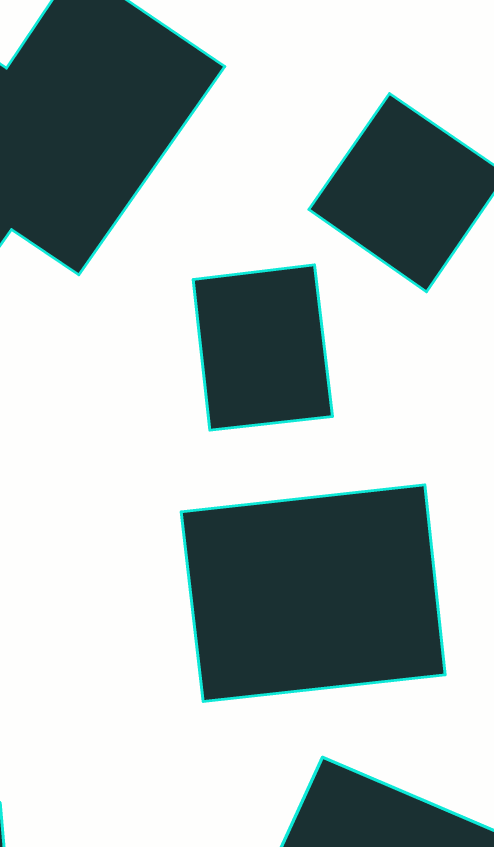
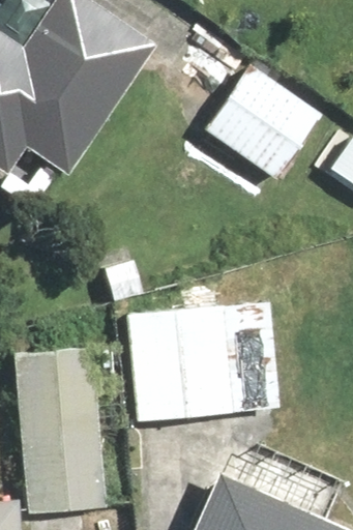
building: [193,265,332,430] -> none
building: none -> [21,332,110,500]

